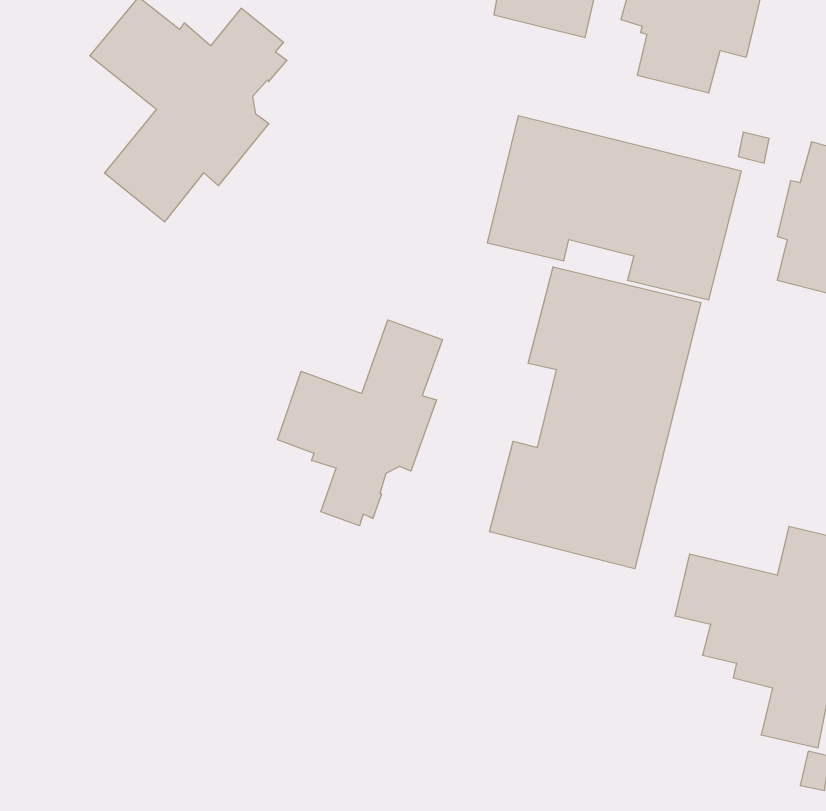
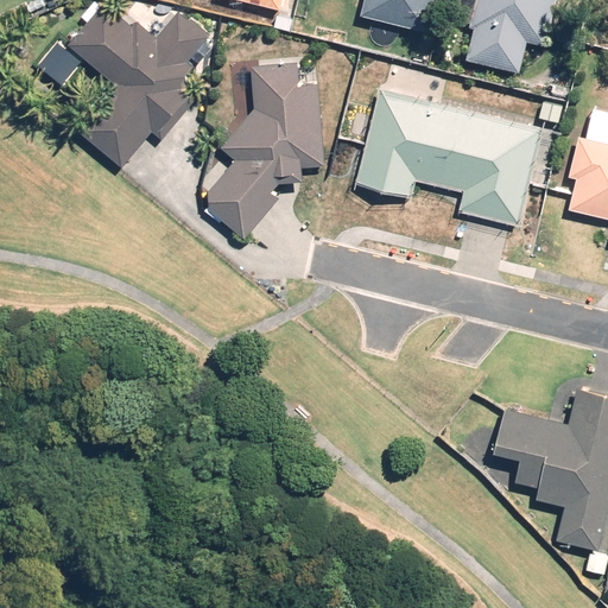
building: none -> [207,62,323,240]
building: [490,267,701,569] -> none
building: [278,320,443,526] -> none

